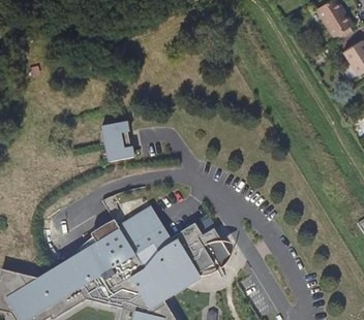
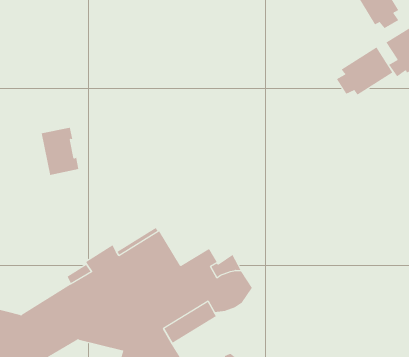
building: none -> [336,47,393,96]
building: [102,121,134,161] -> [41,127,79,175]

